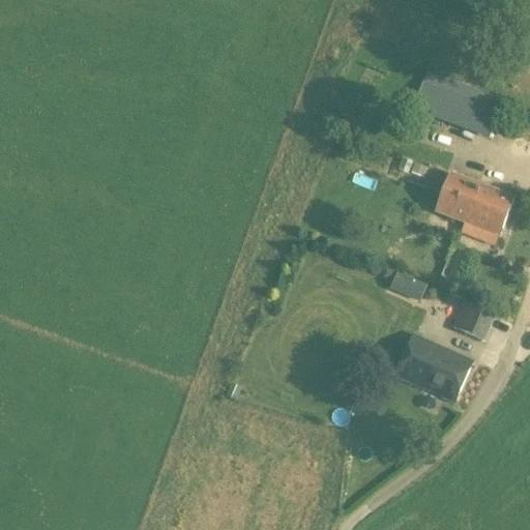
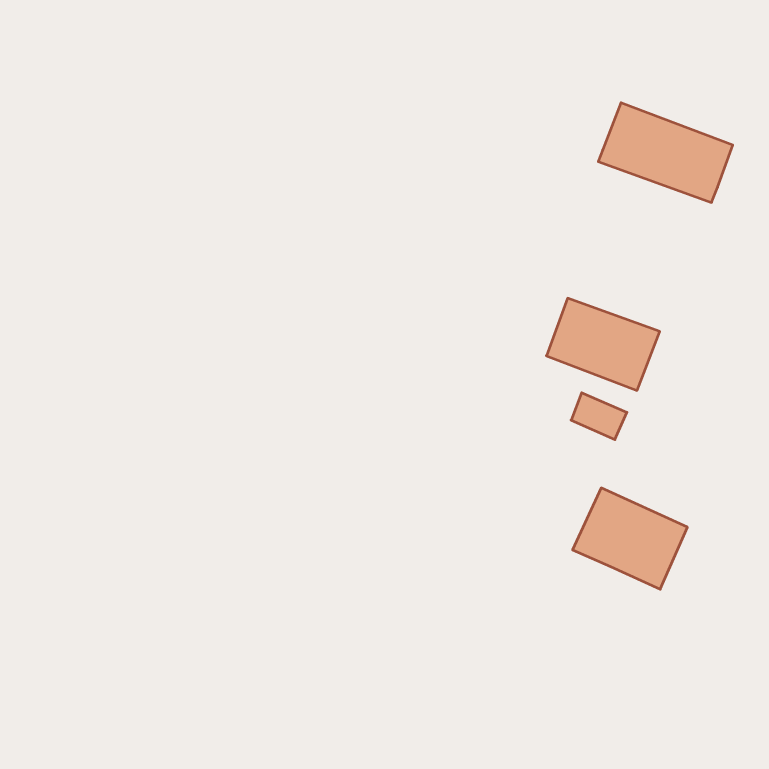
building: [435,173,512,236] -> [546,298,660,390]
building: [443,294,495,341] -> none

